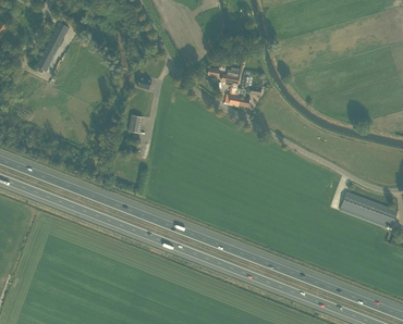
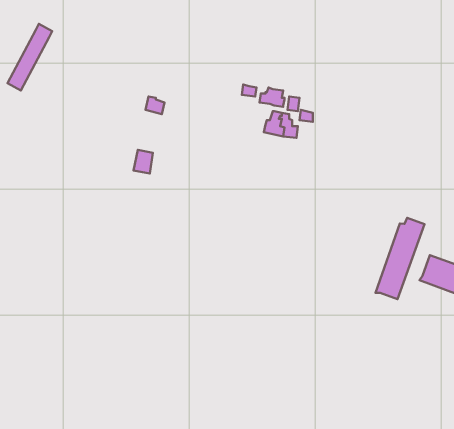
building: none -> [376,218,425,299]

